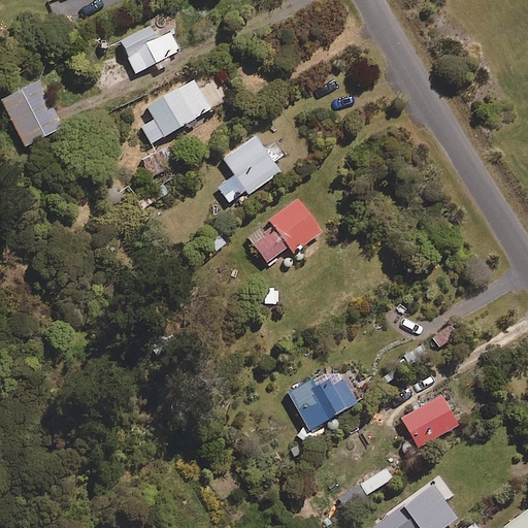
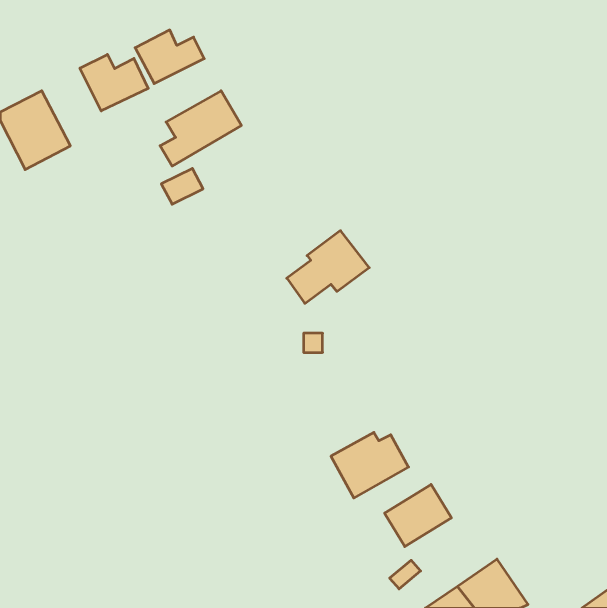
building: none -> [80,54,148,111]
building: [222,135,279,202] -> none
building: [401,395,459,449] -> [385,484,451,547]

